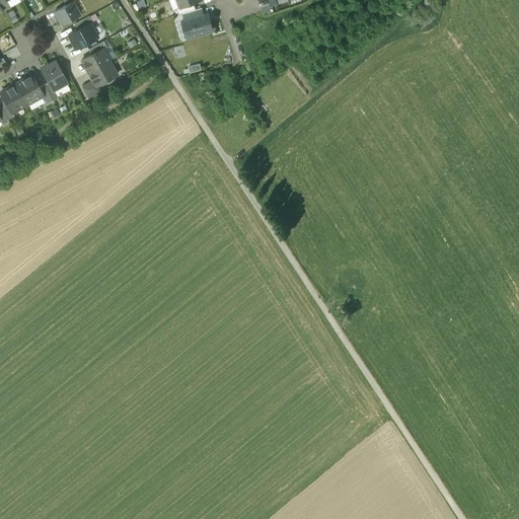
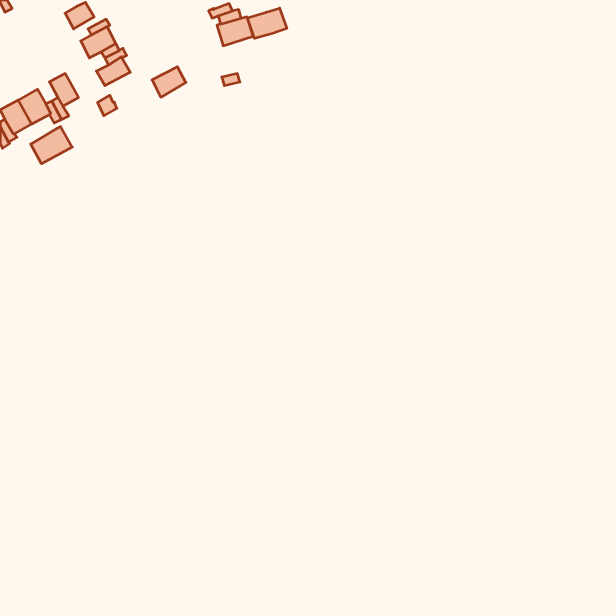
building: none -> [247,8,287,38]
building: [88,61,117,86] -> [152,67,186,97]
building: none -> [31,127,72,164]

